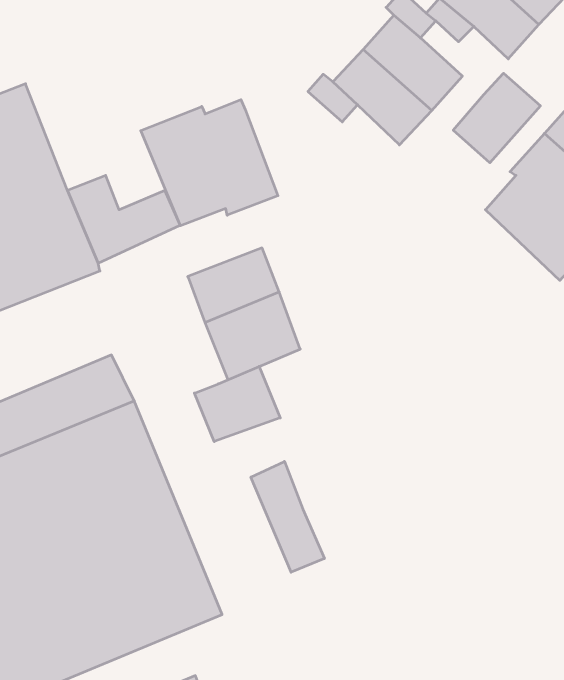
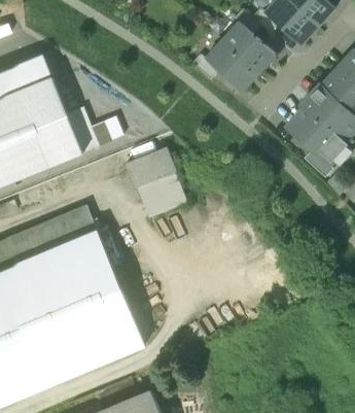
building: [453,73,540,163] -> none
building: [141,100,278,226] -> none
building: [194,366,280,442] -> none
building: [251,461,324,572] -> none

